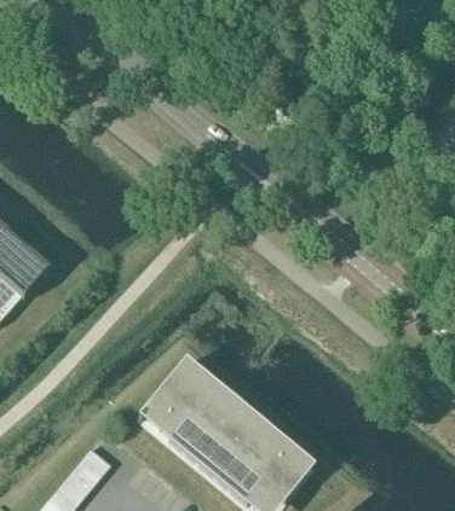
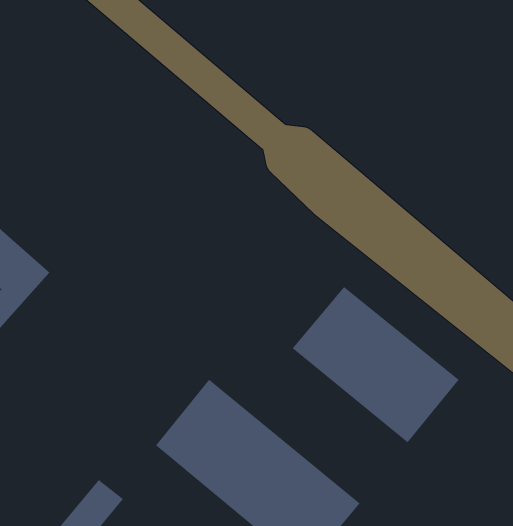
building: none -> [292,286,459,443]

